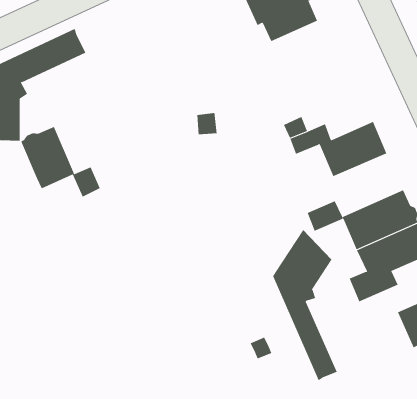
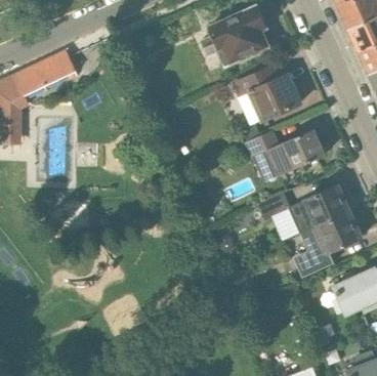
building: none -> [234,68,300,118]
building: [21,126,100,197] -> none
building: [272,229,338,381] -> none

